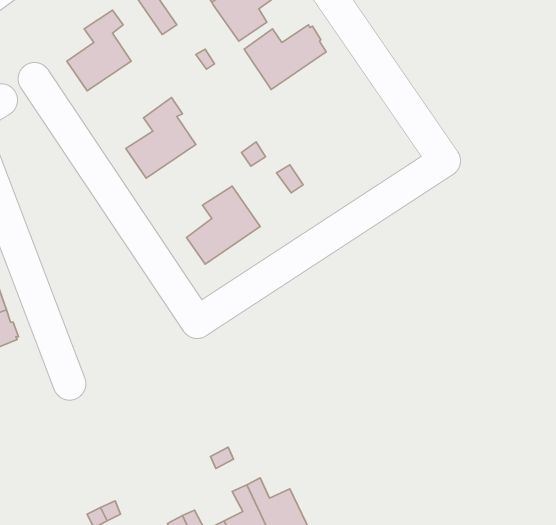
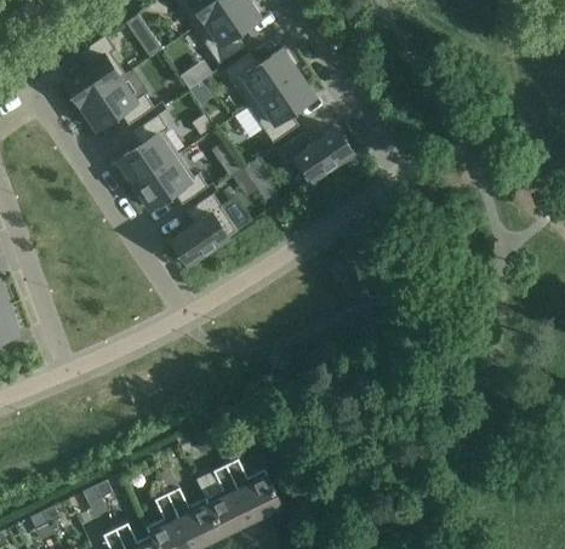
building: none -> [249,74,315,143]
building: none -> [82,82,155,130]
building: none -> [278,128,353,184]
building: none -> [136,158,209,210]

